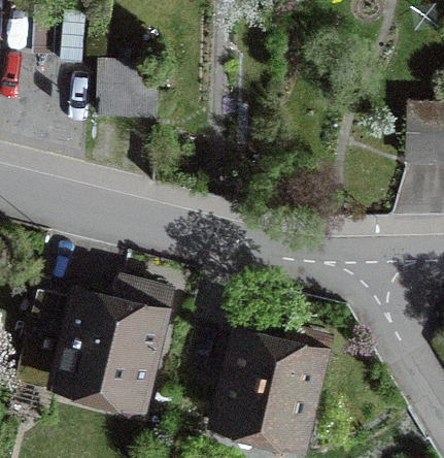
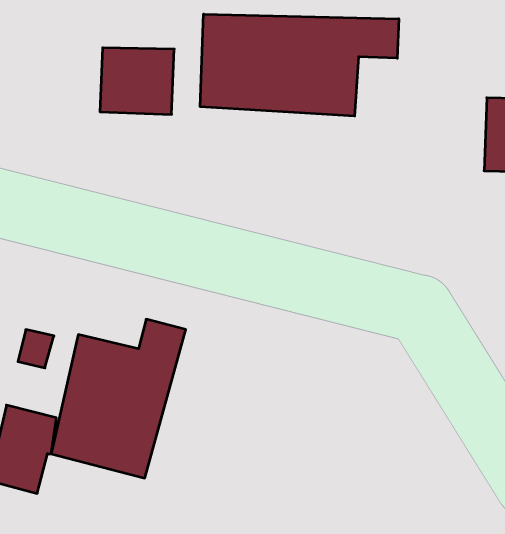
building: none -> [200,14,399,116]
building: [227,336,331,452] -> none

